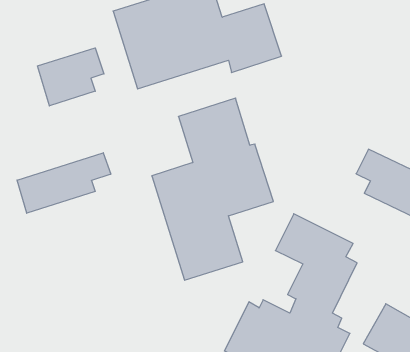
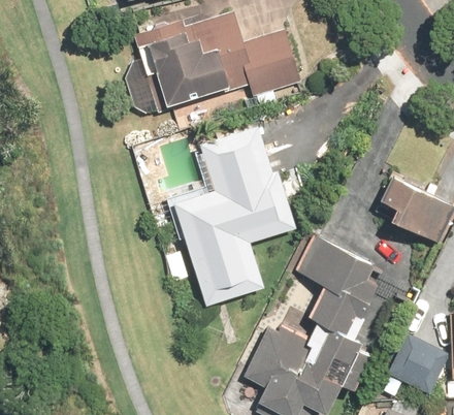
building: [38,48,104,106] -> none
building: [17,153,111,213] -> none

